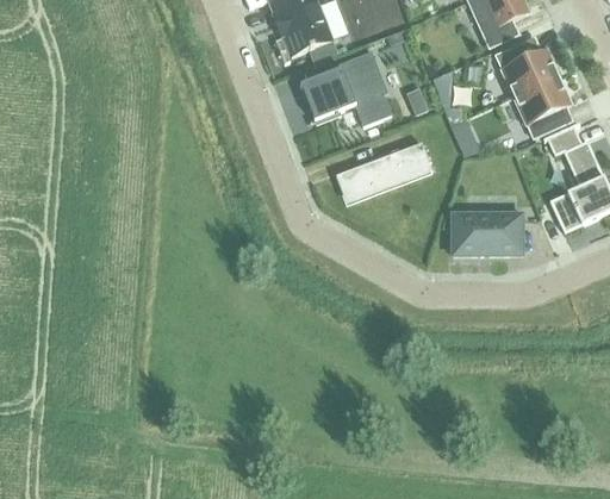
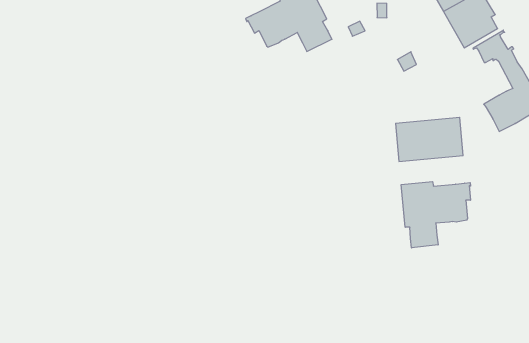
building: [336,143,431,204] -> none
building: none -> [401,182,471,248]

